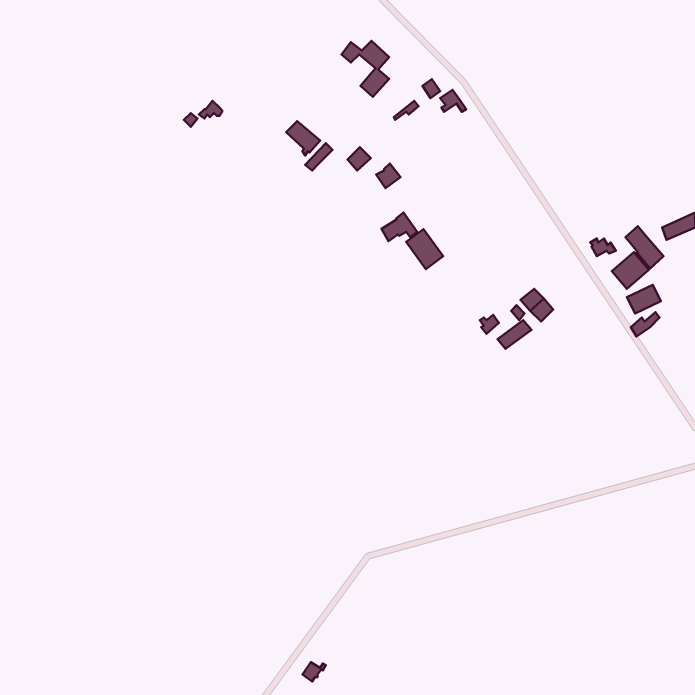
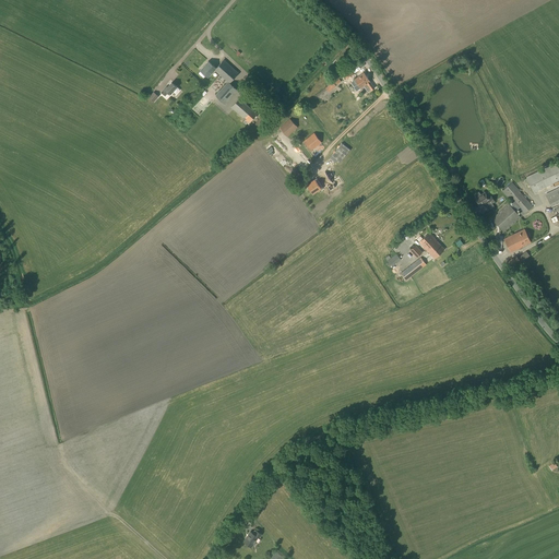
building: [341,41,389,97] -> [199,59,237,104]
building: [406,229,443,269] -> none

